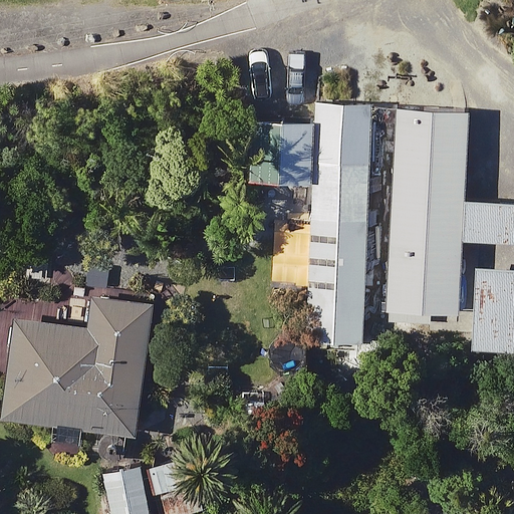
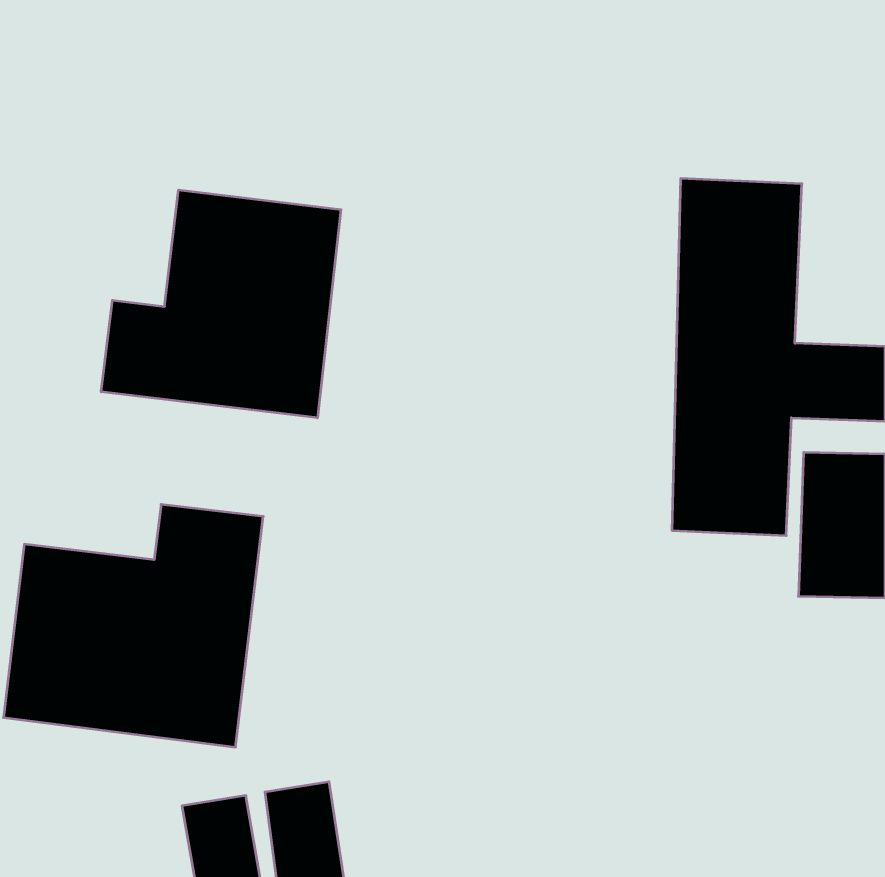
building: [254,105,369,344] -> none
building: none -> [101,190,341,418]

